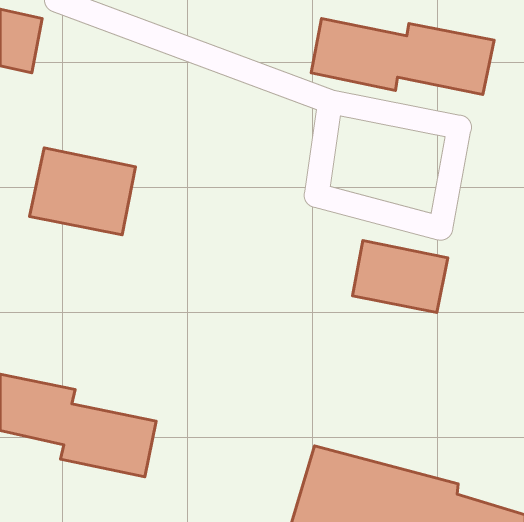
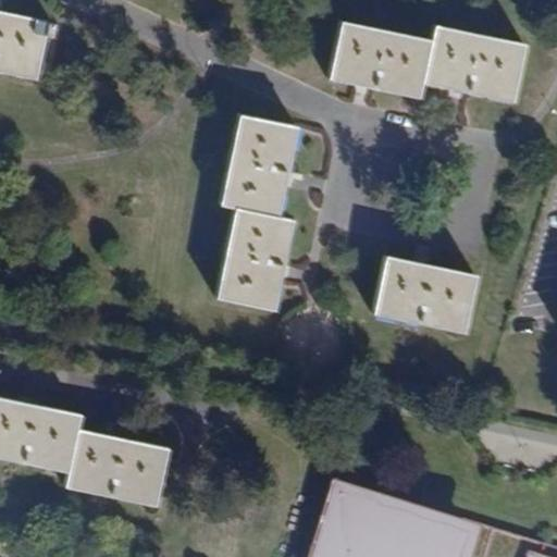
building: none -> [218,116,297,310]
building: [29,148,136,235] -> none

